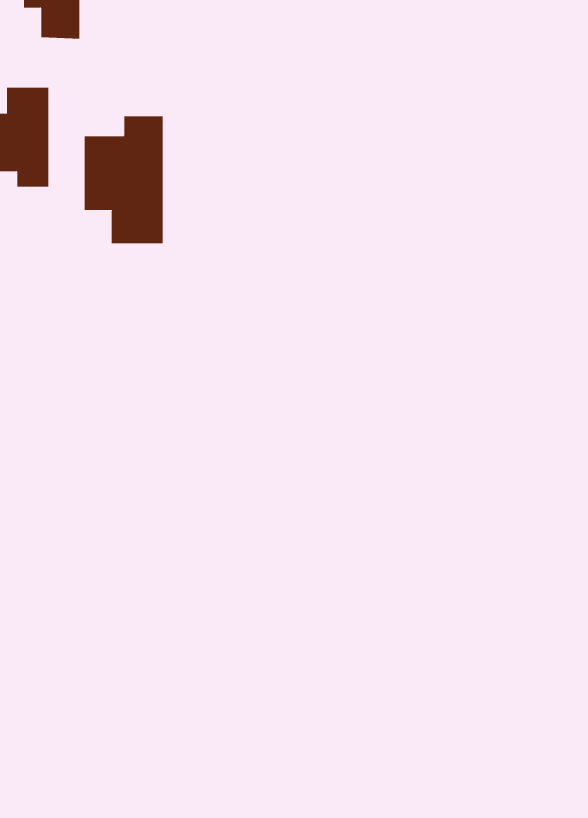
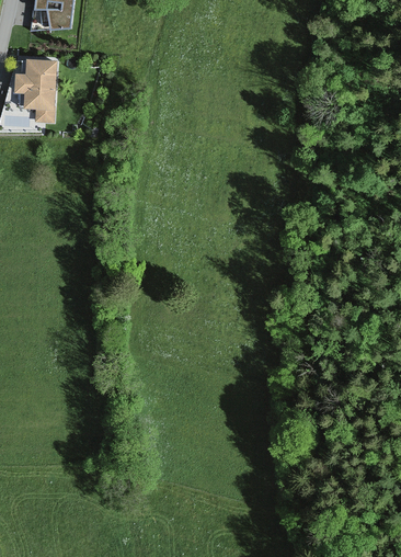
building: [84,116,163,244] -> none

